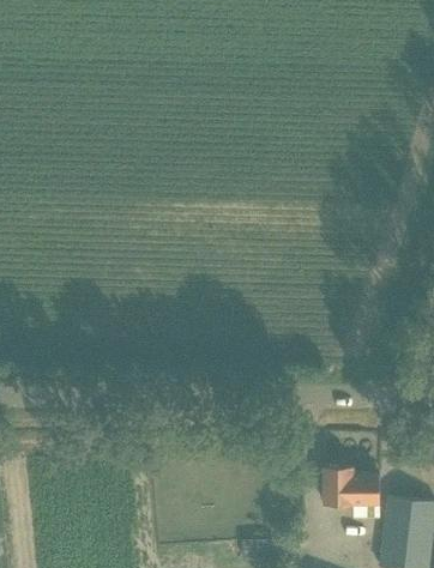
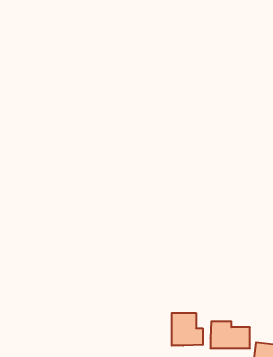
building: none -> [172,313,203,346]

